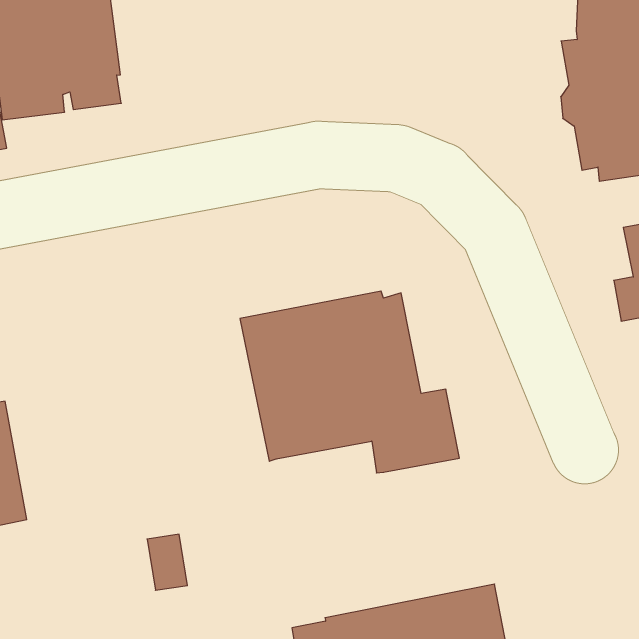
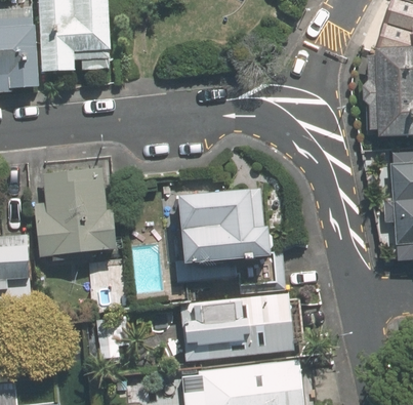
building: none -> [32,166,115,254]
building: none -> [180,294,290,360]

